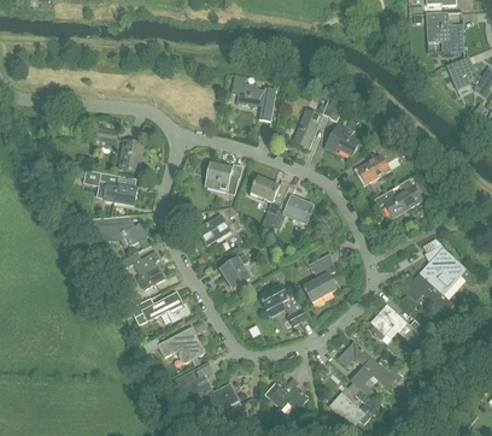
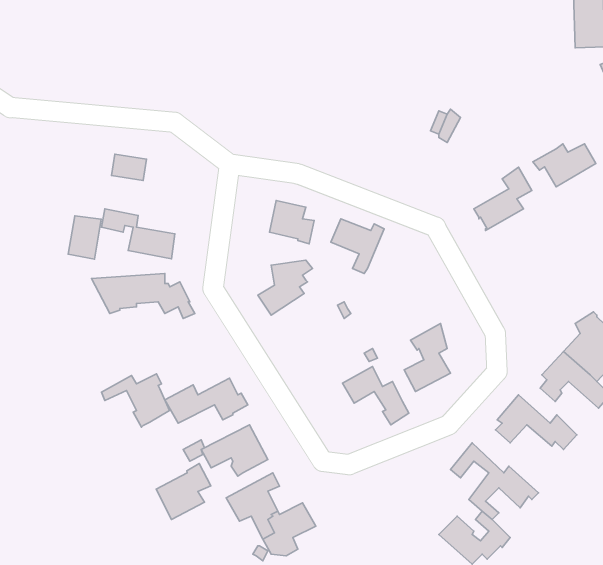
building: [229,73,275,120] -> none
building: [292,108,321,147] -> none
building: [324,123,358,155] -> none
building: [118,140,142,171] -> [68,216,101,259]
building: [276,183,314,224] -> none
building: [375,184,421,216] -> [533,144,596,187]
building: [115,251,164,289] -> [102,374,170,427]
building: [221,253,248,288] -> none
building: none -> [156,464,211,519]
building: [264,377,308,410] -> none

